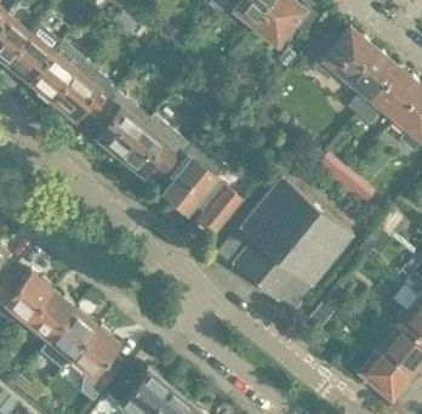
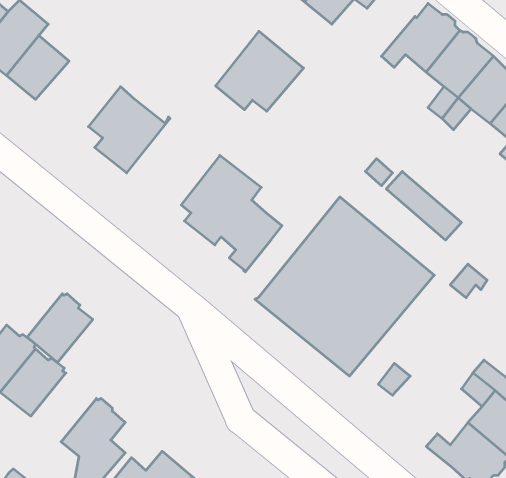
building: [52,63,116,123] -> none
building: [121,117,188,177] -> [216,31,304,111]
building: [49,310,98,362] -> [27,294,93,363]

